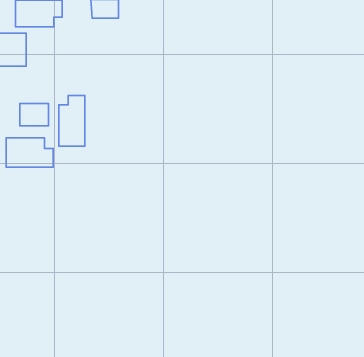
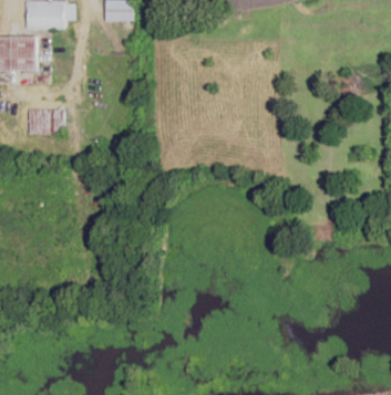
building: [59,96,85,146] -> none
building: [6,138,53,167] -> none

